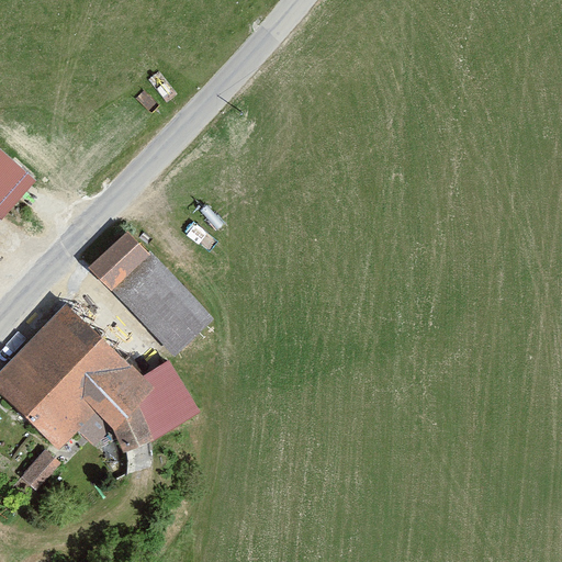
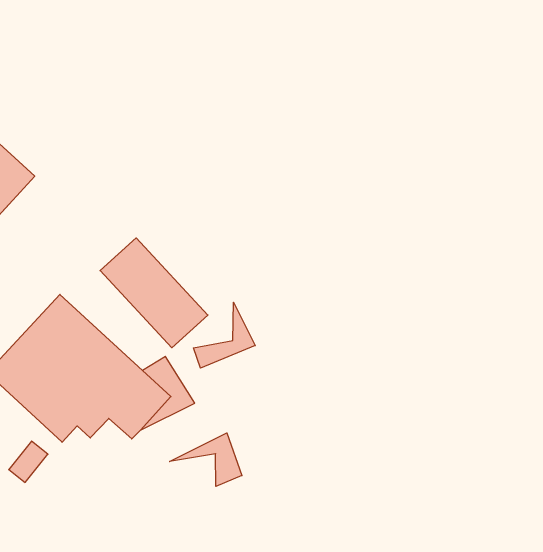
building: none -> [193,302,255,368]
building: none -> [170,433,242,486]

